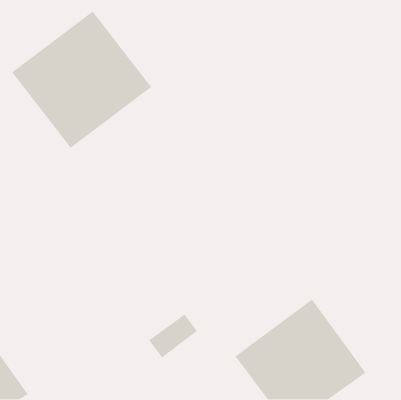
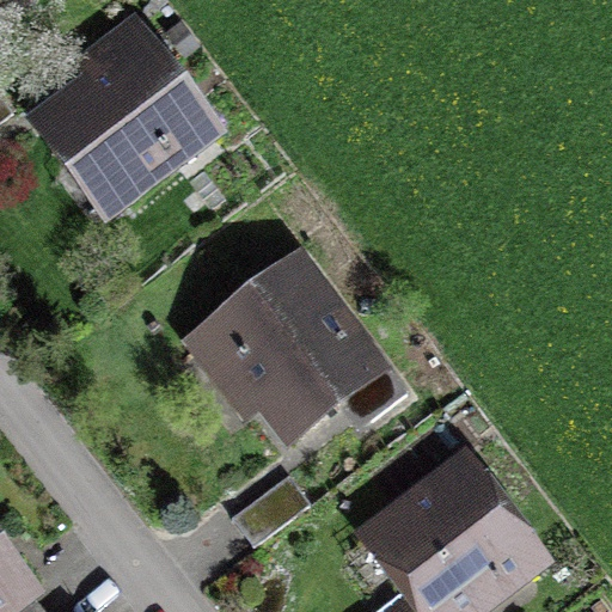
building: none -> [183,245,394,458]

